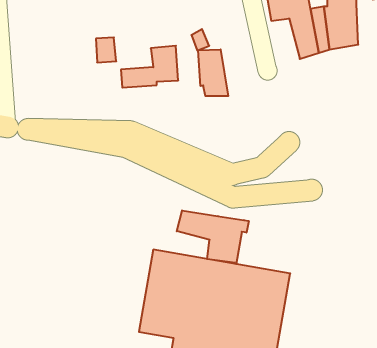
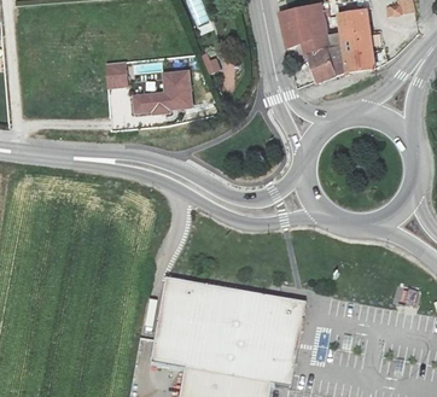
building: [198,49,228,96] -> none
building: [177,210,249,264] -> none

